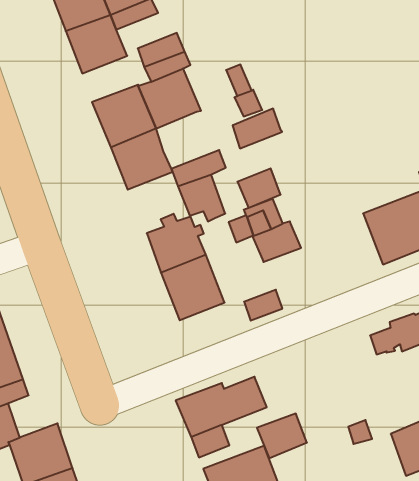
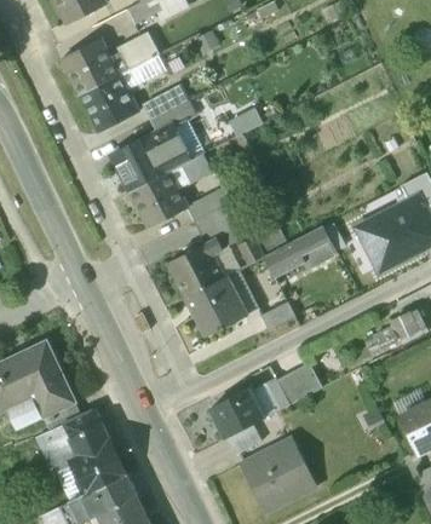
building: [233,109,282,148] -> [168,154,212,191]
building: [237,168,281,208] -> [293,226,332,263]
building: none -> [64,410,107,453]
building: [257,414,307,458] -> [276,363,321,404]

